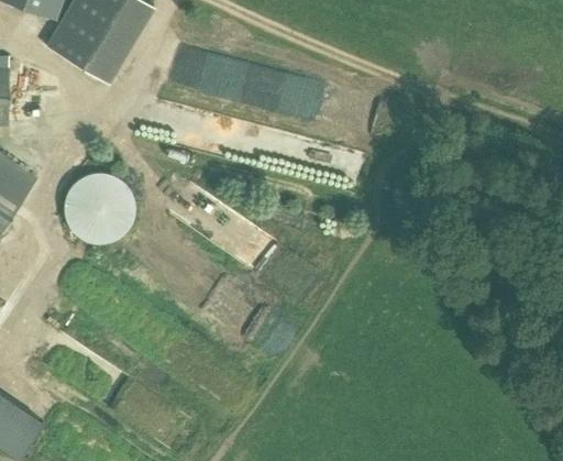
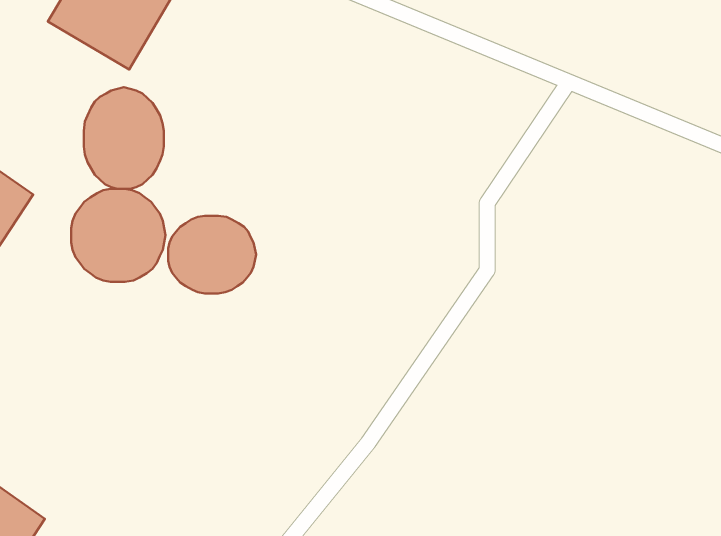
building: none -> [84,87,164,189]
building: none -> [168,216,256,293]

